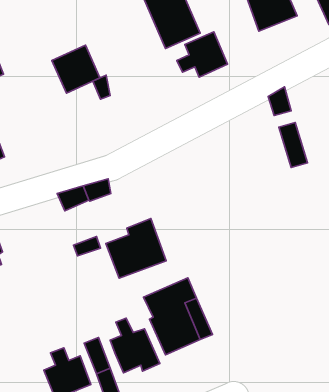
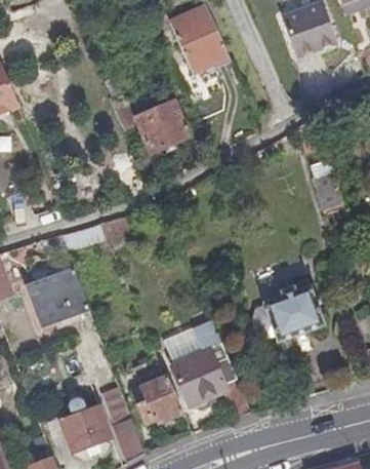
building: [177,32,228,77] -> none
building: [52,45,100,93] -> [133,102,184,153]
building: [106,219,166,278] -> [25,266,89,329]
building: none -> [261,276,325,341]

